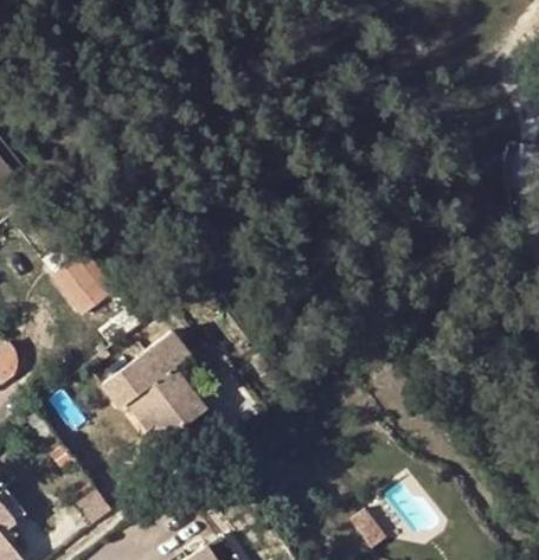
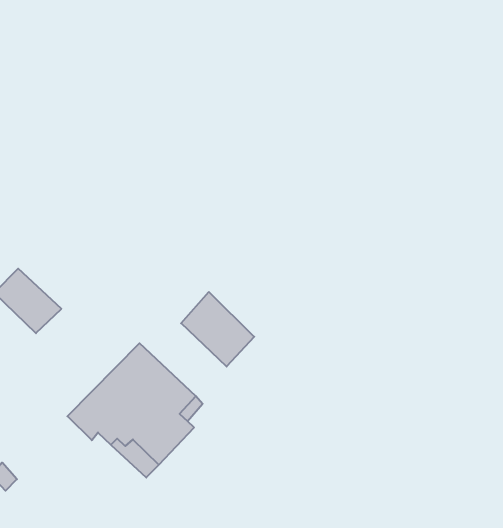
building: none -> [181,292,254,367]

